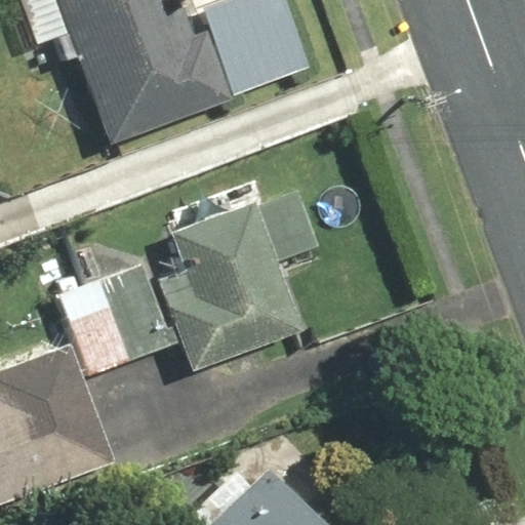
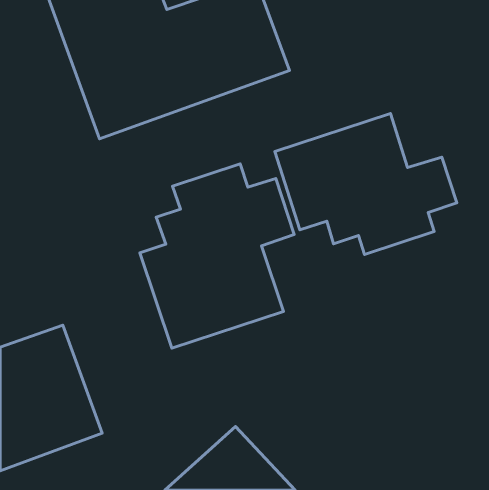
building: none -> [275,114,457,254]
building: [56,259,171,375] -> none

